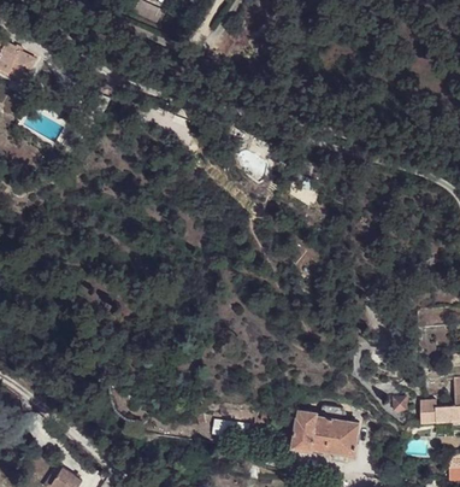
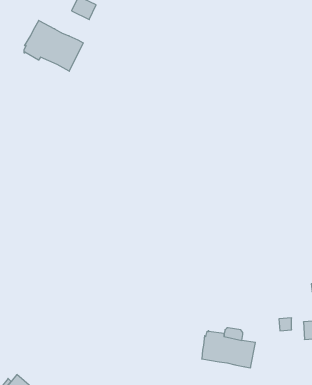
building: none -> [24,20,83,71]

